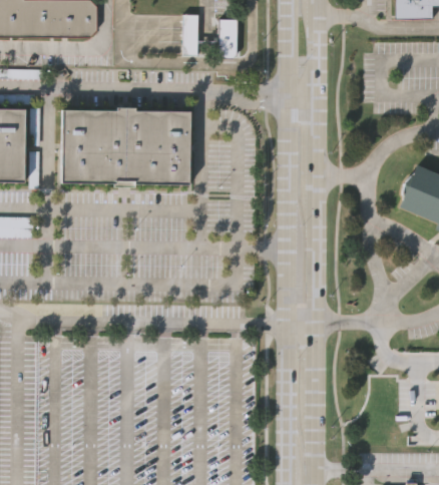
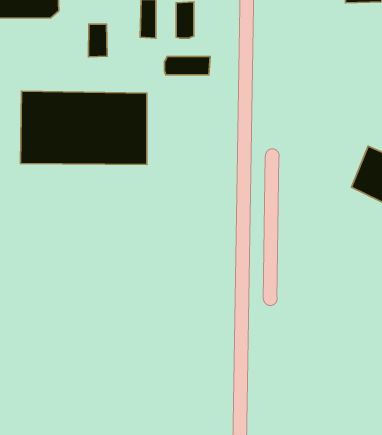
building: none -> [89,24,107,57]
building: none -> [165,56,210,75]

